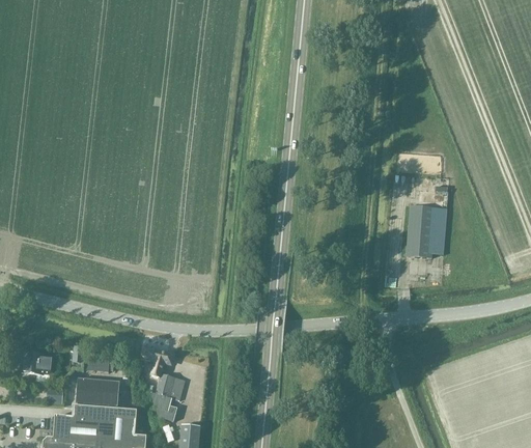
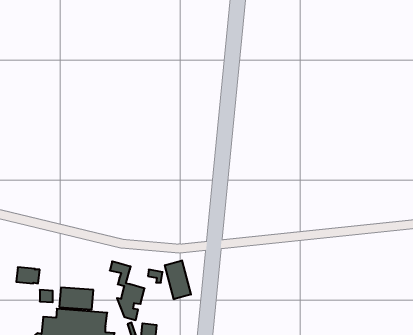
building: [407,205,447,257] -> none
building: none -> [165,260,191,299]

